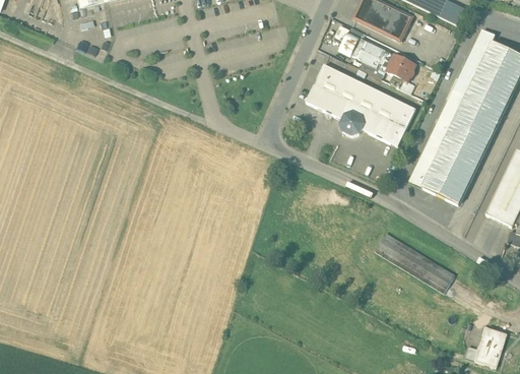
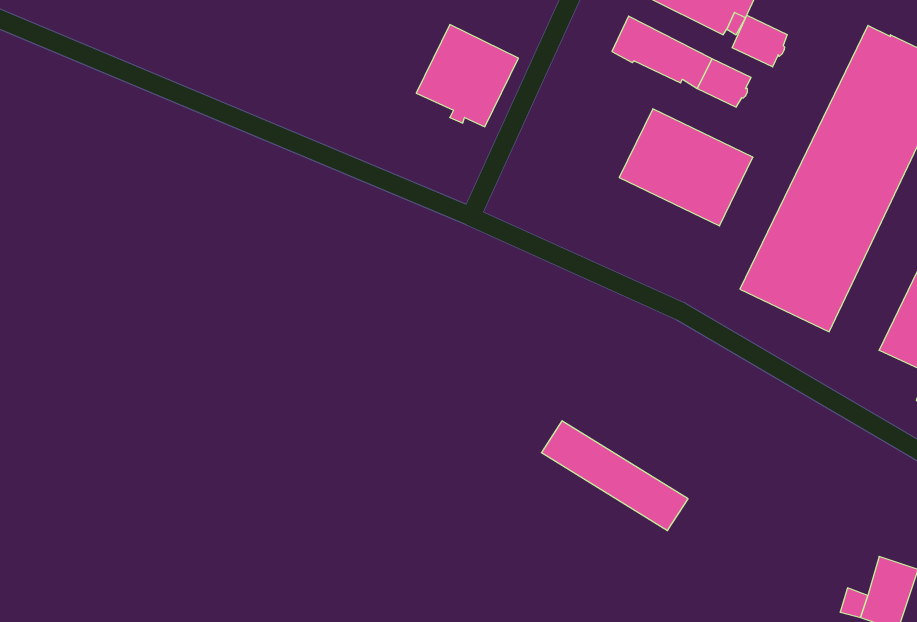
building: none -> [732,15,787,67]
building: [307,64,363,120] -> [416,25,518,127]
building: [376,233,456,293] -> [541,421,688,531]

